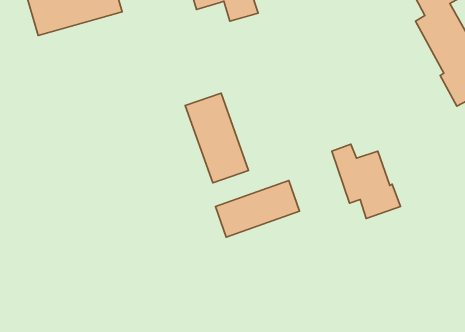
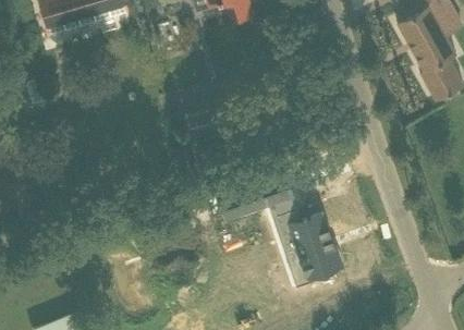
building: [185,93,249,183] -> none
building: [332,144,400,218] -> [277,208,340,277]

